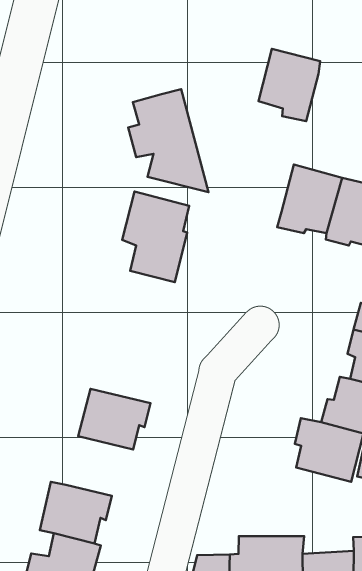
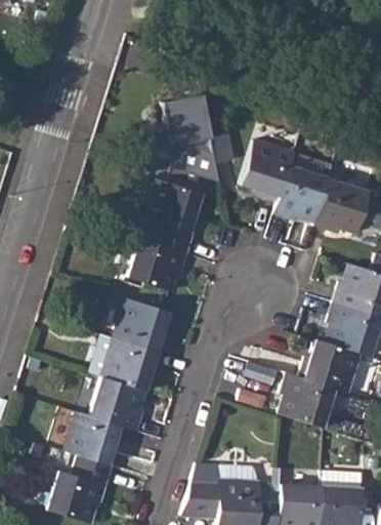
building: [259,49,320,121] -> [240,140,292,201]
building: none -> [127,238,187,291]
building: none -> [114,296,170,351]
building: none -> [89,374,145,430]

